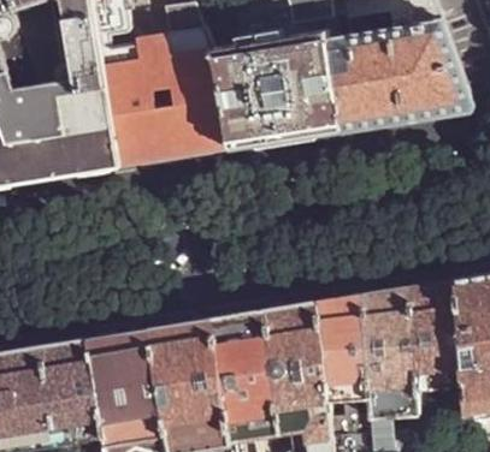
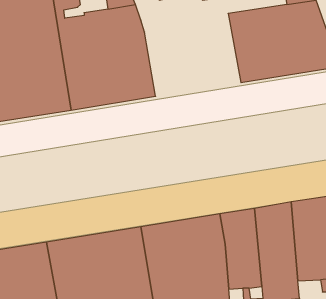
building: [213,30,344,149] -> none

